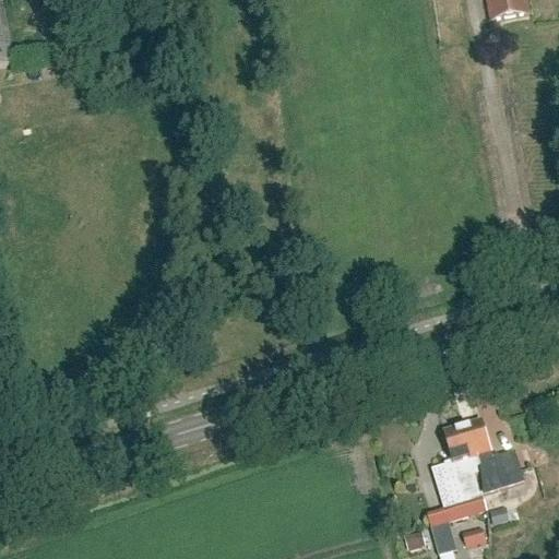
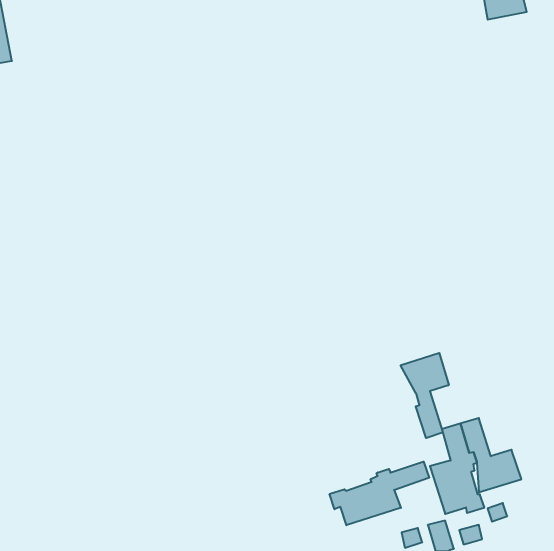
building: none -> [401,353,449,438]
building: none -> [330,462,429,525]

